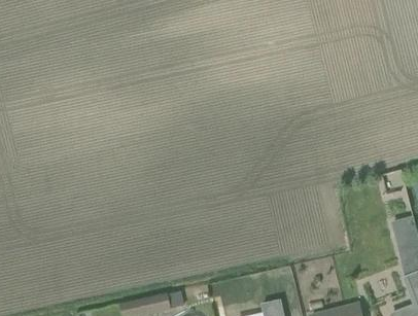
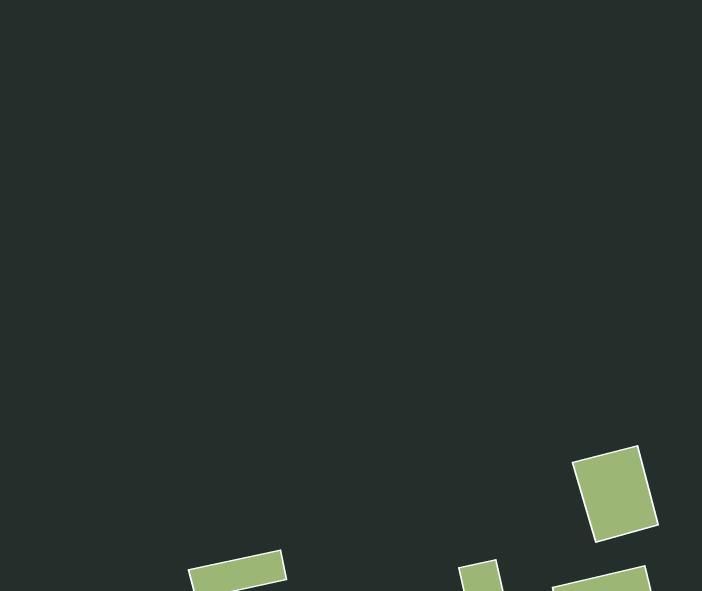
building: none -> [572,446,658,542]

